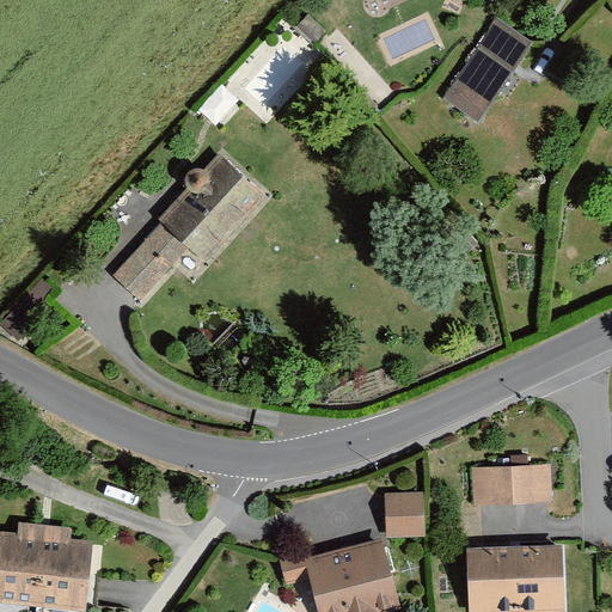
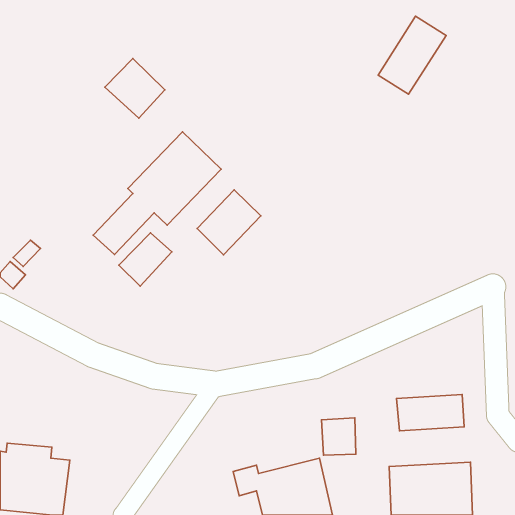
building: none -> [105,59,165,118]
building: none -> [197,190,261,255]
building: none -> [119,233,172,286]

